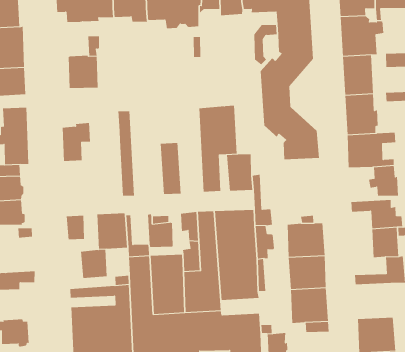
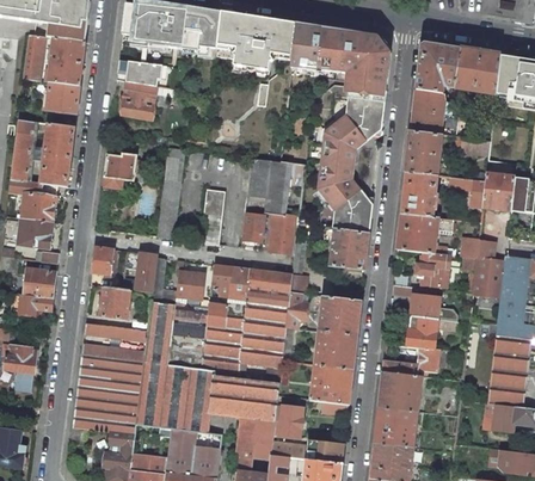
building: none -> [117,58,149,85]
building: none -> [322,227,369,269]
building: none -> [23,269,55,298]
building: none -> [379,371,420,412]

